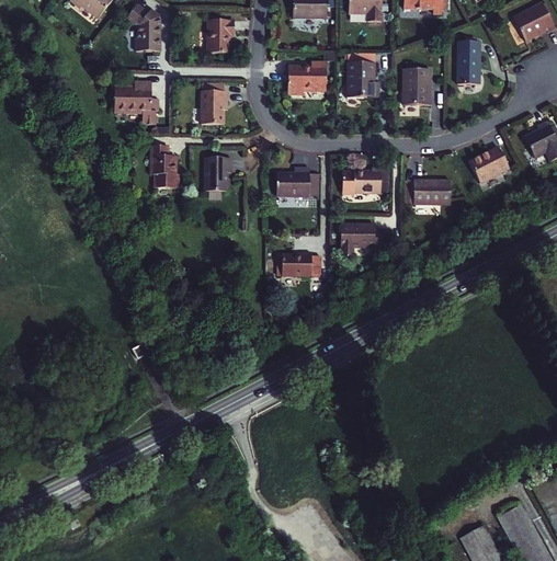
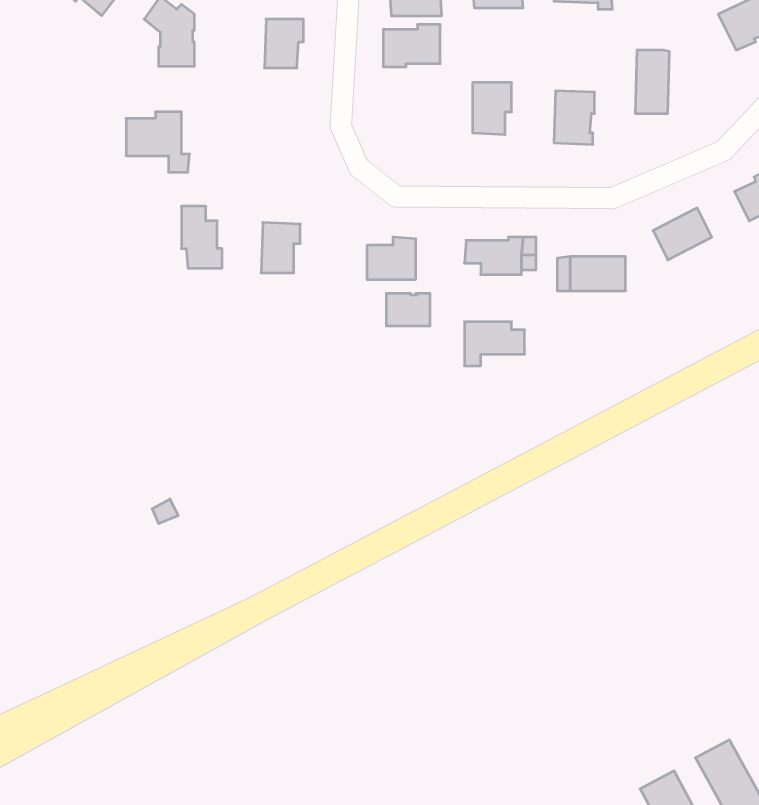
building: [287,62,326,91] -> [383,25,440,67]
building: [202,91,227,124] -> none
building: [282,252,311,274] -> [386,293,430,326]

